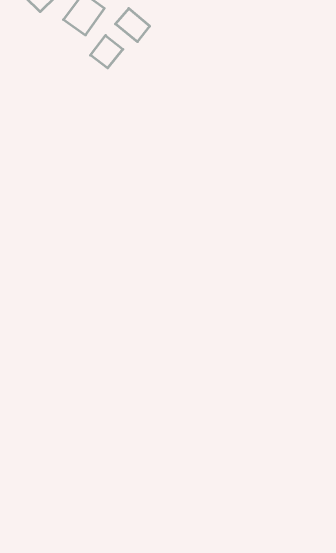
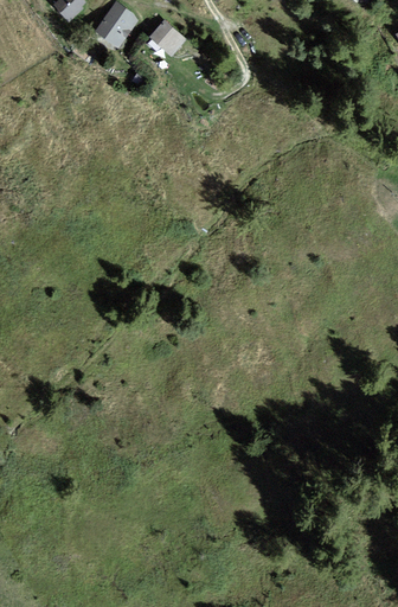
building: [90,35,123,68] -> none

